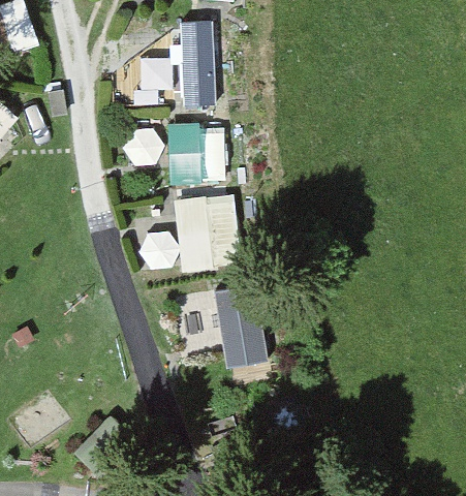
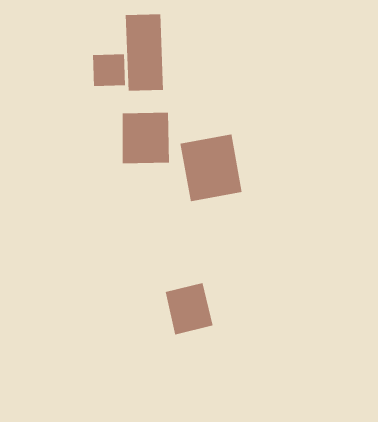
building: [172,196,240,270] -> [180,134,243,202]

